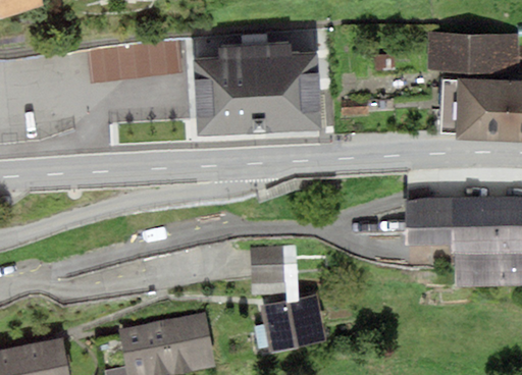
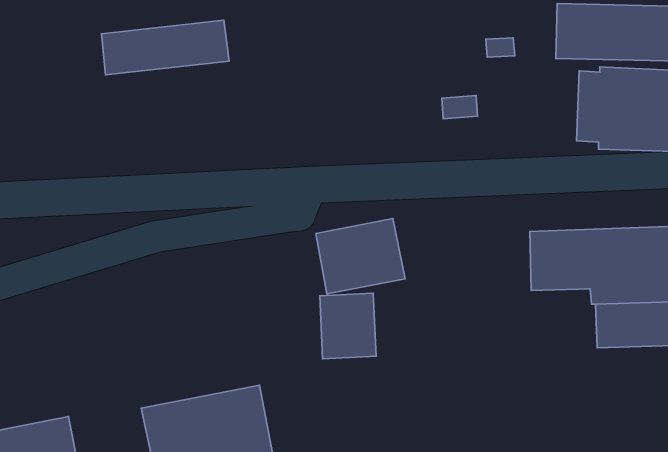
building: [193,43,322,133] -> none
building: [261,294,327,351] -> [316,218,405,294]

